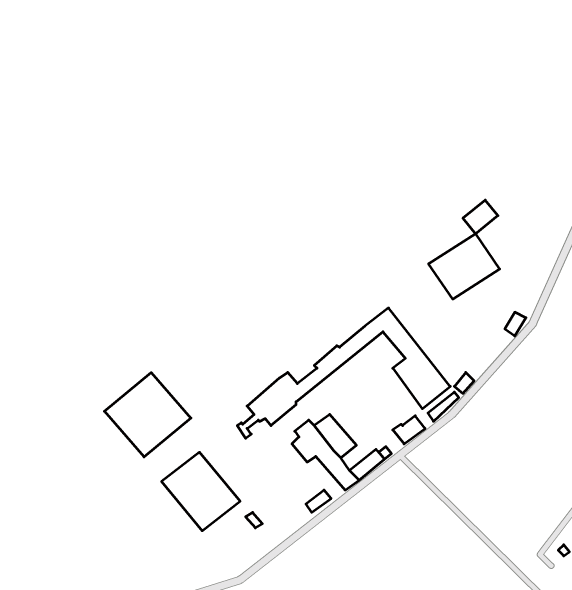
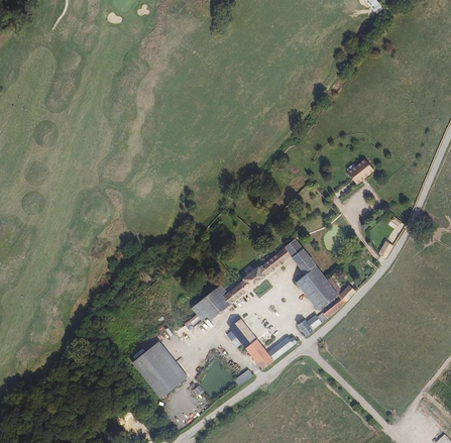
building: [429,234,500,299] -> none
building: [104,373,191,457] -> none

